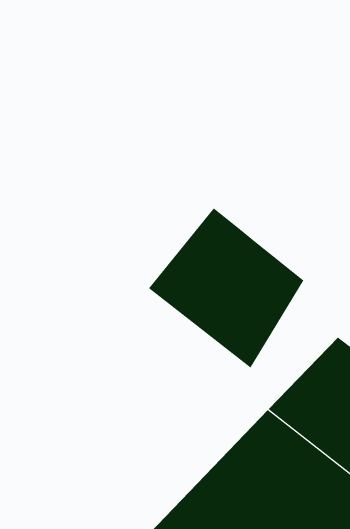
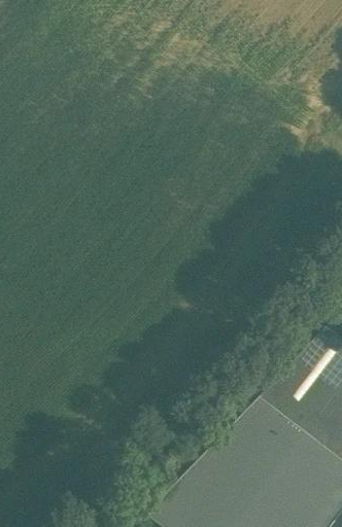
building: [148,208,304,369] -> none

